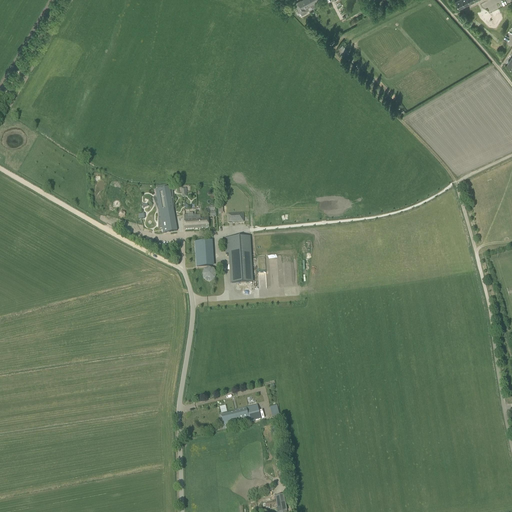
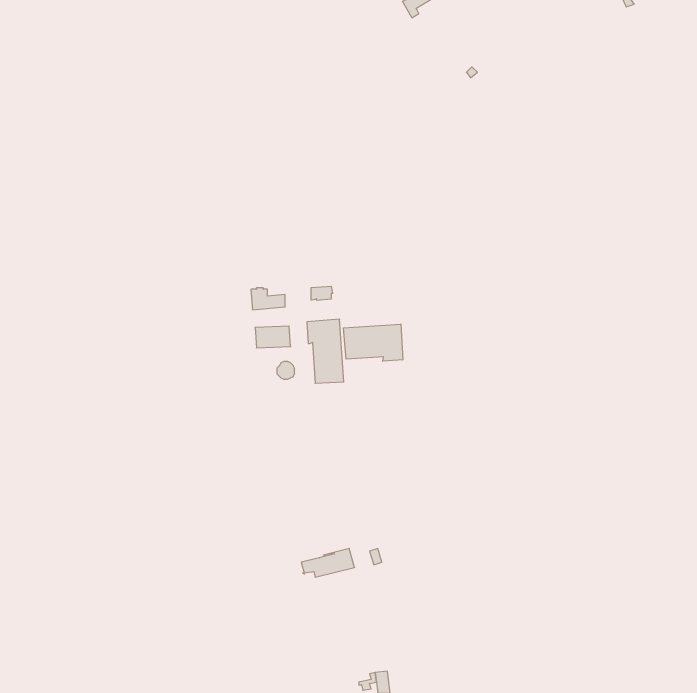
building: [155,184,177,231] -> none
building: none -> [344,324,403,361]

